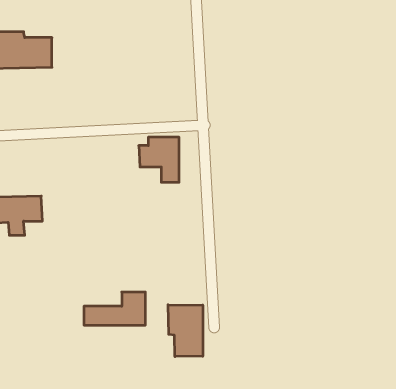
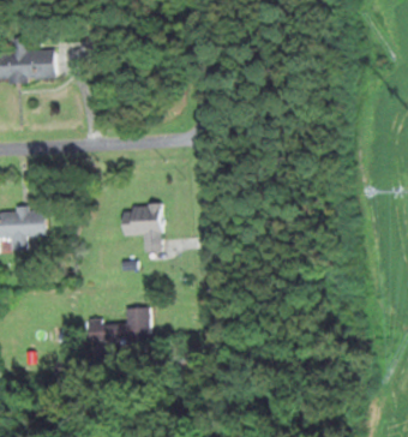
building: [139,137,179,182] -> [121,205,162,251]
building: [168,305,203,357] -> none

